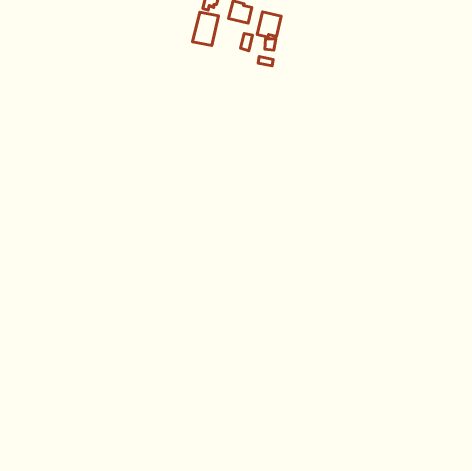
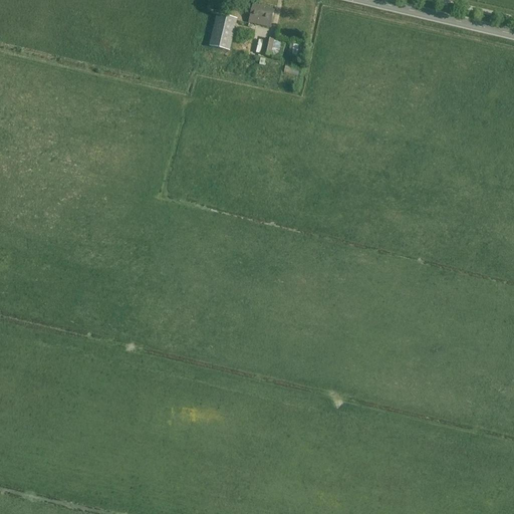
building: [257,12,281,37] -> none

